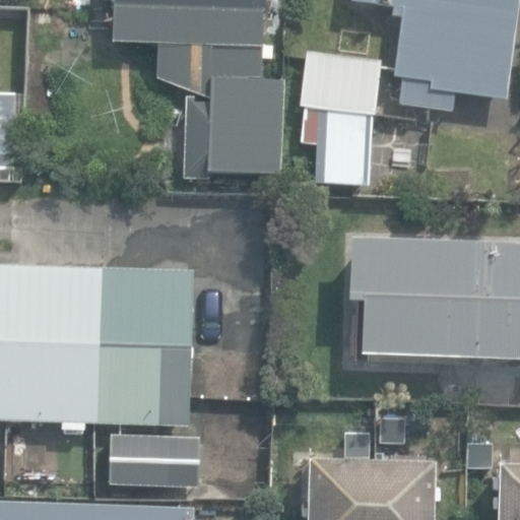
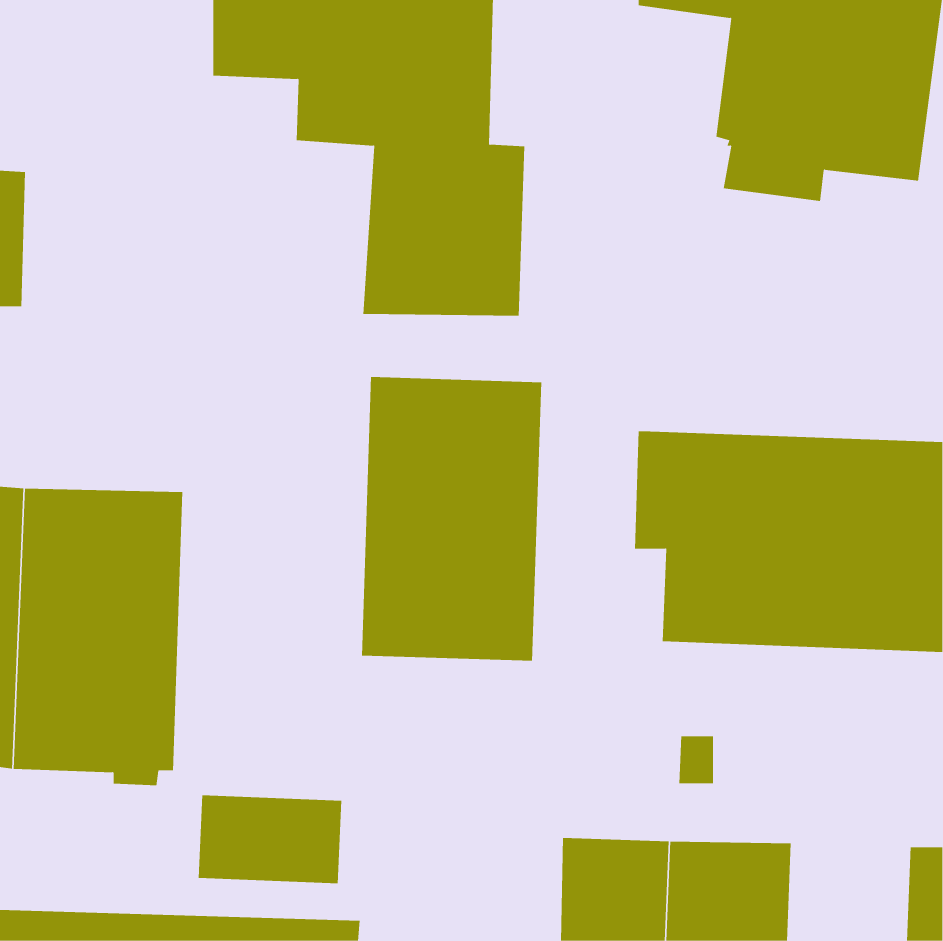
building: [299,52,380,185] -> none
building: [95,270,195,427] -> [361,377,542,661]

